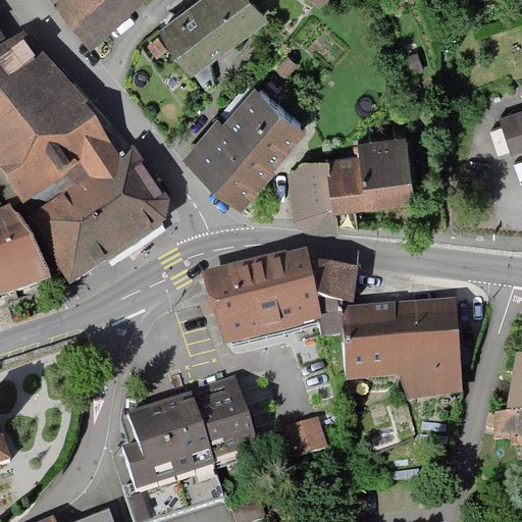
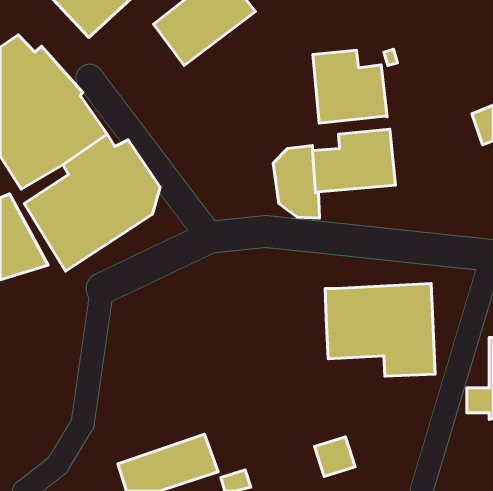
building: none -> [313,50,387,123]
building: [191,82,307,201] -> none
building: [206,259,355,346] -> none
building: [120,378,257,486] -> none
building: [282,416,325,458] -> [315,437,355,476]

